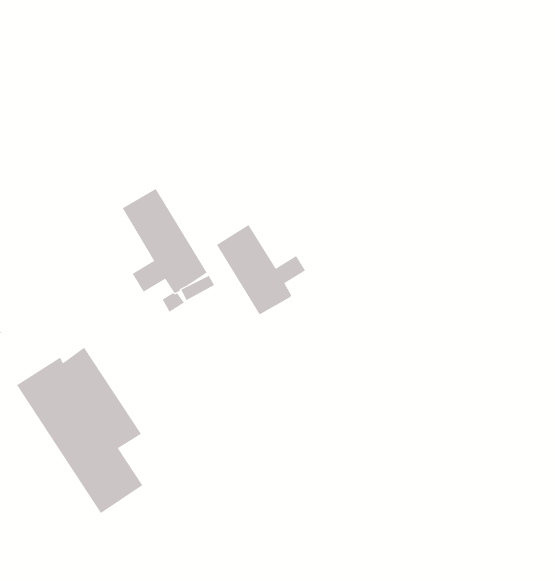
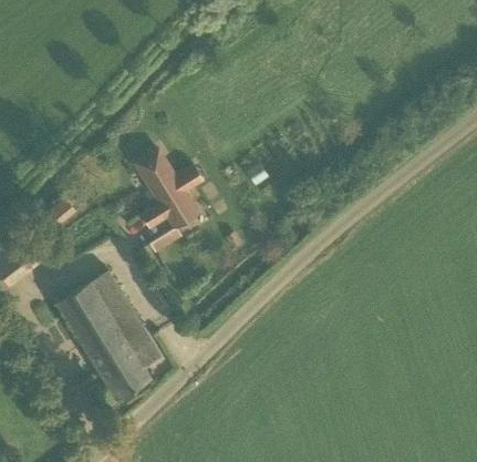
building: [216,224,306,315] -> none

